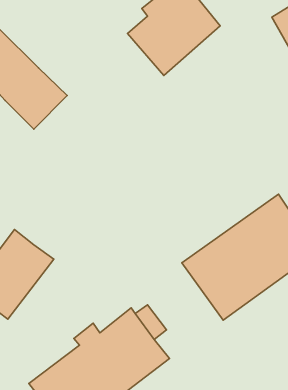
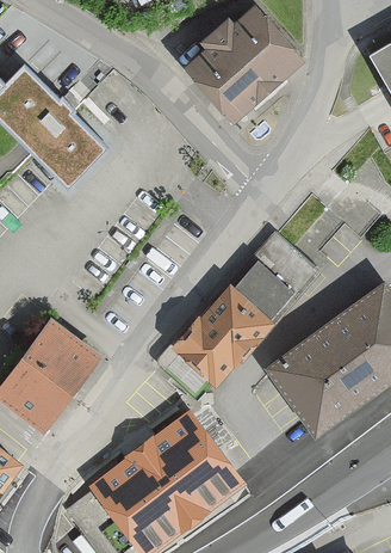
building: none -> [159,236,311,398]

